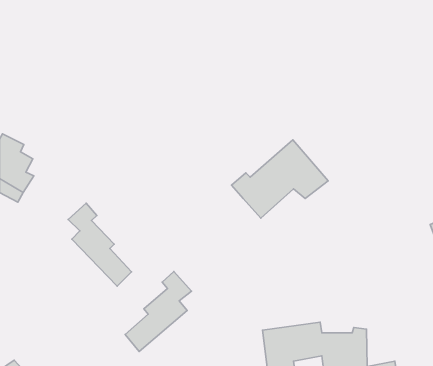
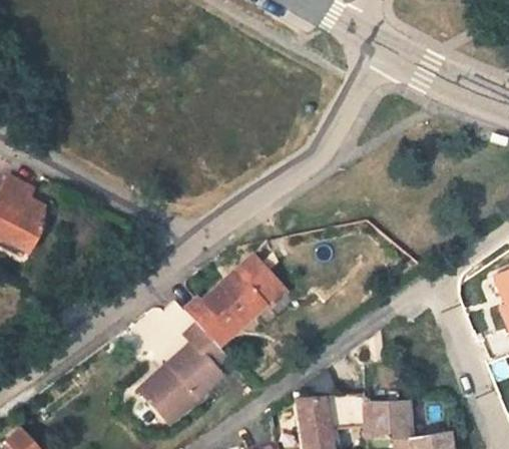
building: [232,140,328,218] -> [185,262,295,350]
building: [68,203,131,286] -> none

